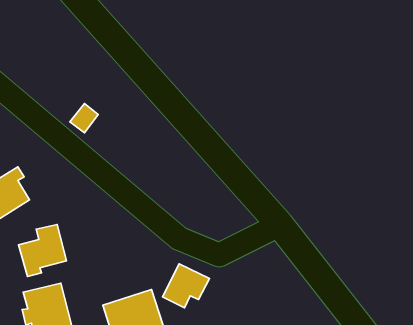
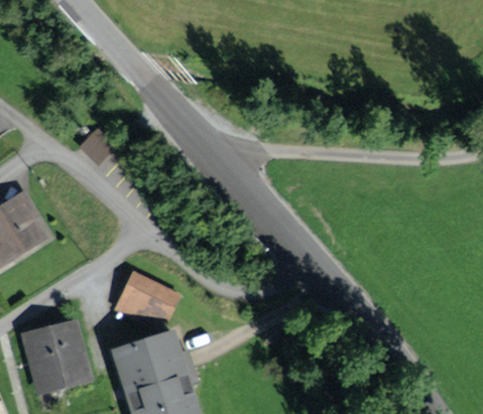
building: [19,224,67,277] -> none
building: [163,264,209,308] -> [116,272,167,320]

